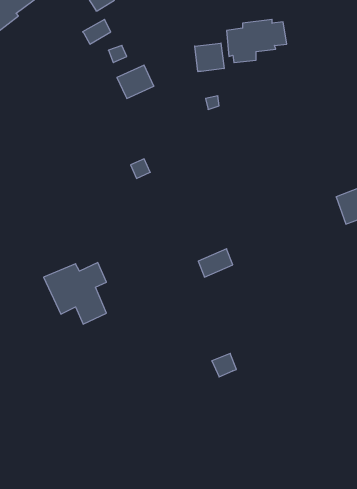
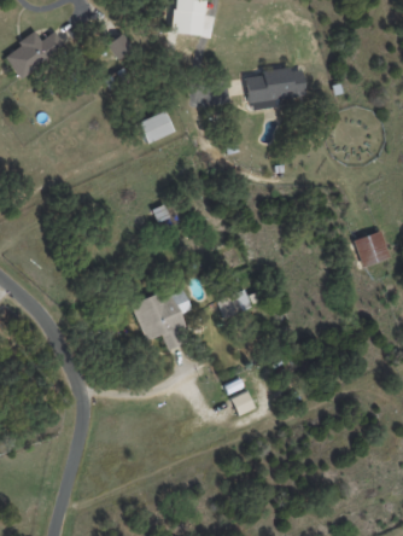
building: [195,43,224,72] -> none
building: [44,263,106,324] -> [130,290,192,350]

